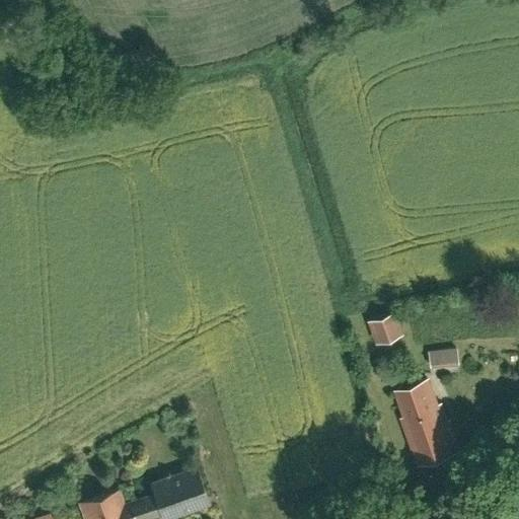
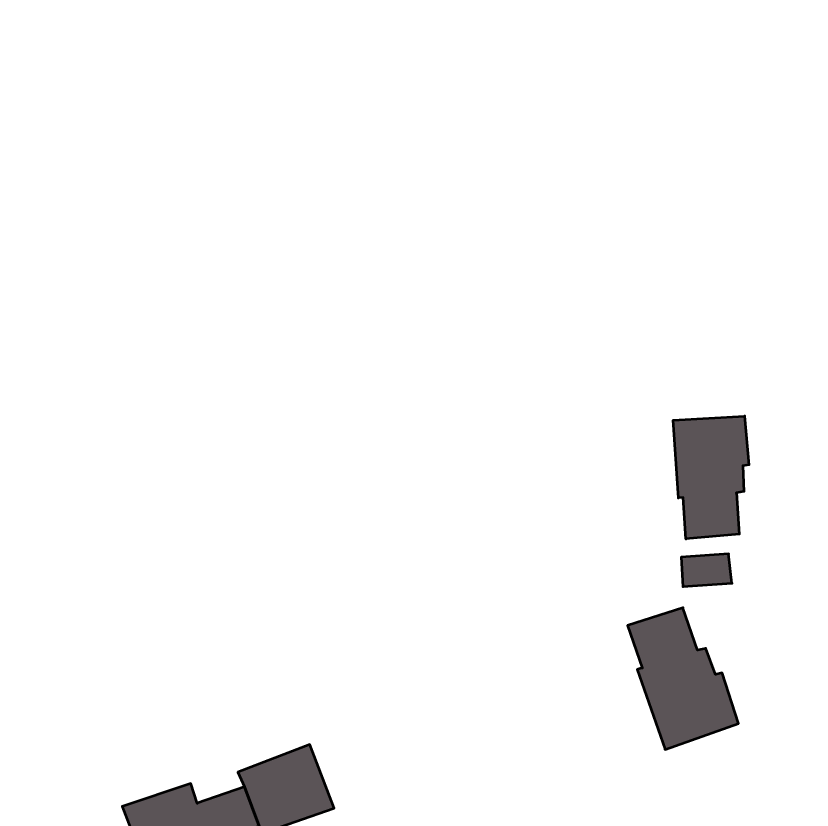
building: none -> [673,416,749,539]
building: [367,311,401,344] -> none

